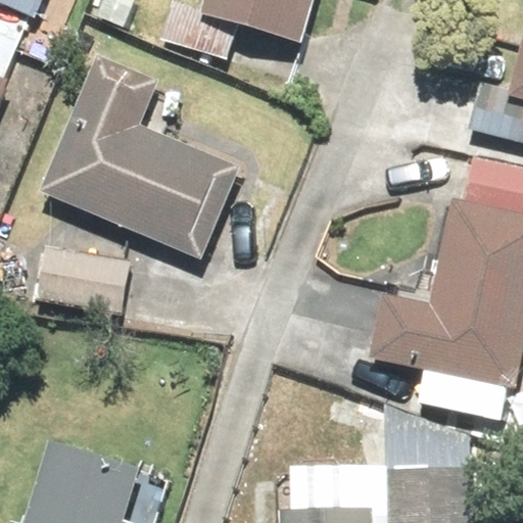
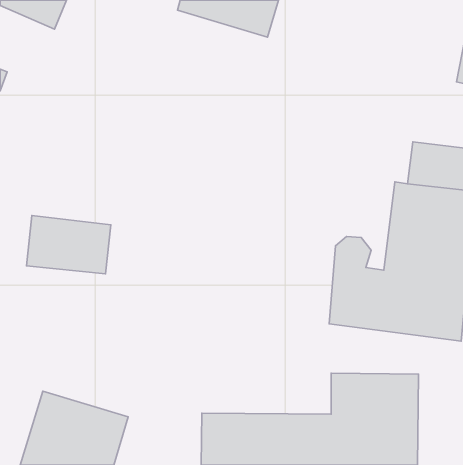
building: [41,60,238,267] -> none

